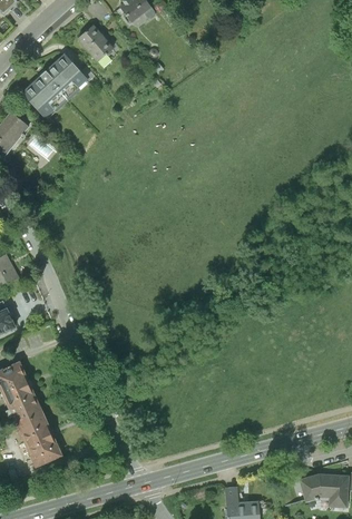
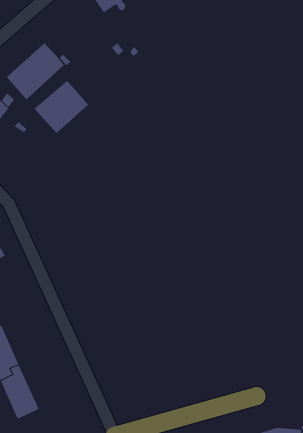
building: [78,27,111,61] -> none
building: none -> [34,80,89,134]

